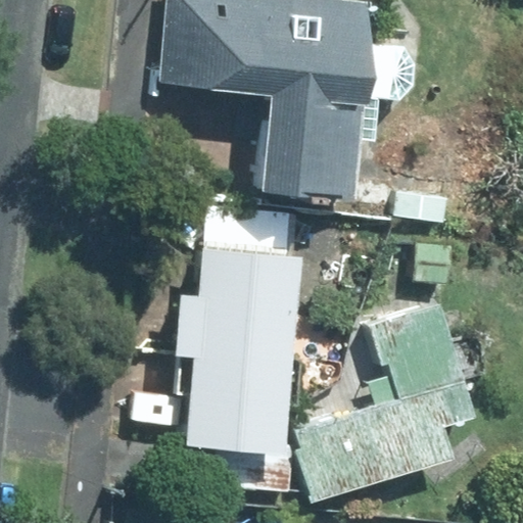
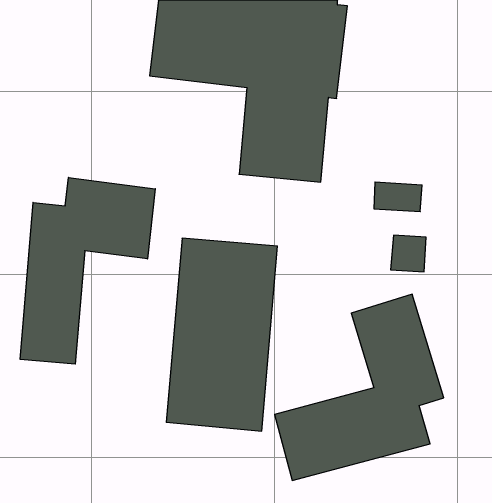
building: none -> [20,177,155,364]

